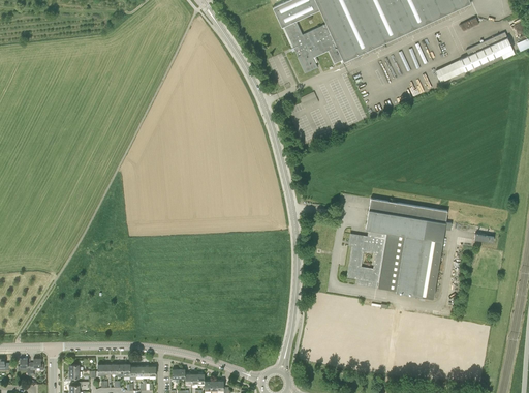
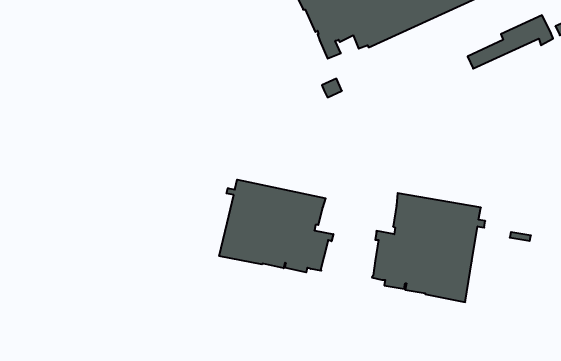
building: none -> [219,180,333,272]

